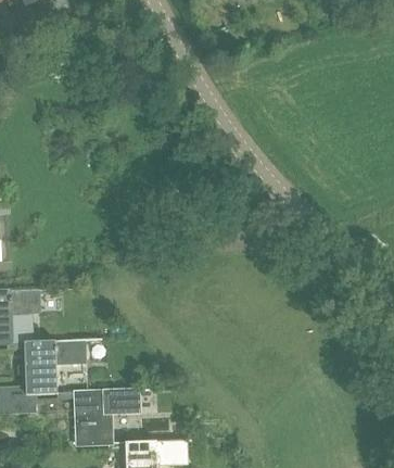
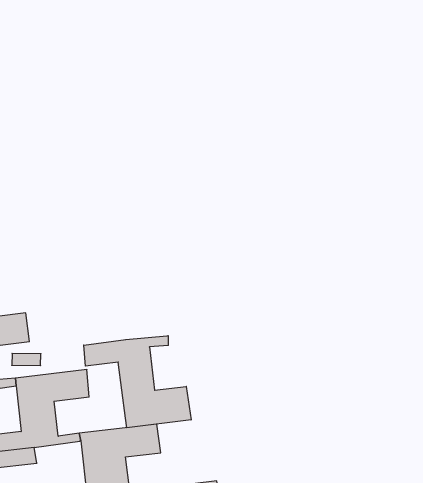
building: none -> [84,336,191,428]

